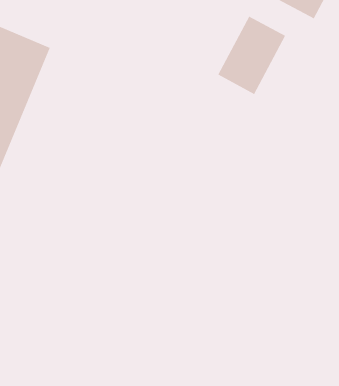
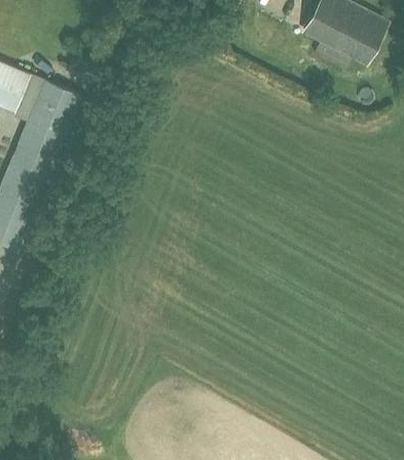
building: [217,15,286,95] -> none

